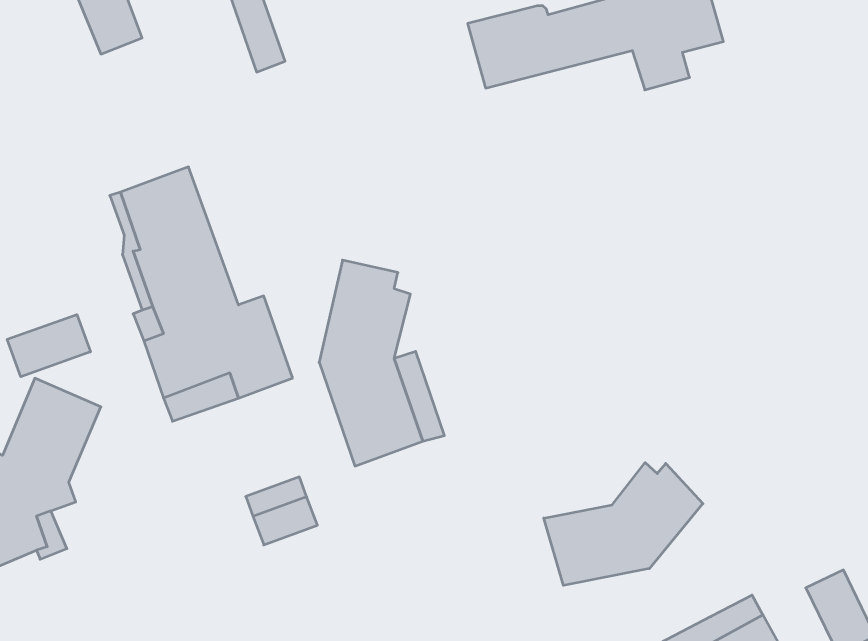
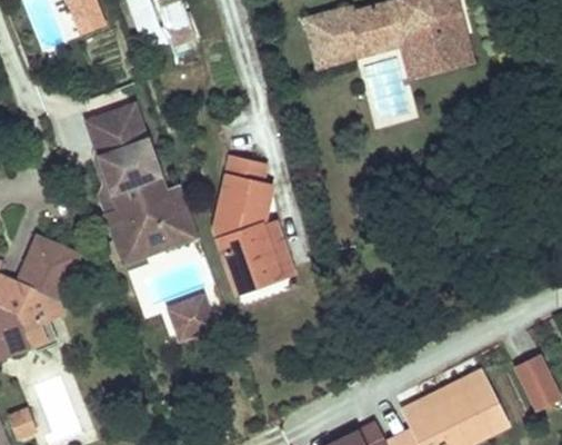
building: none -> [318,27,474,76]
building: [7,315,90,377] -> none
building: [544,463,703,585] -> none

